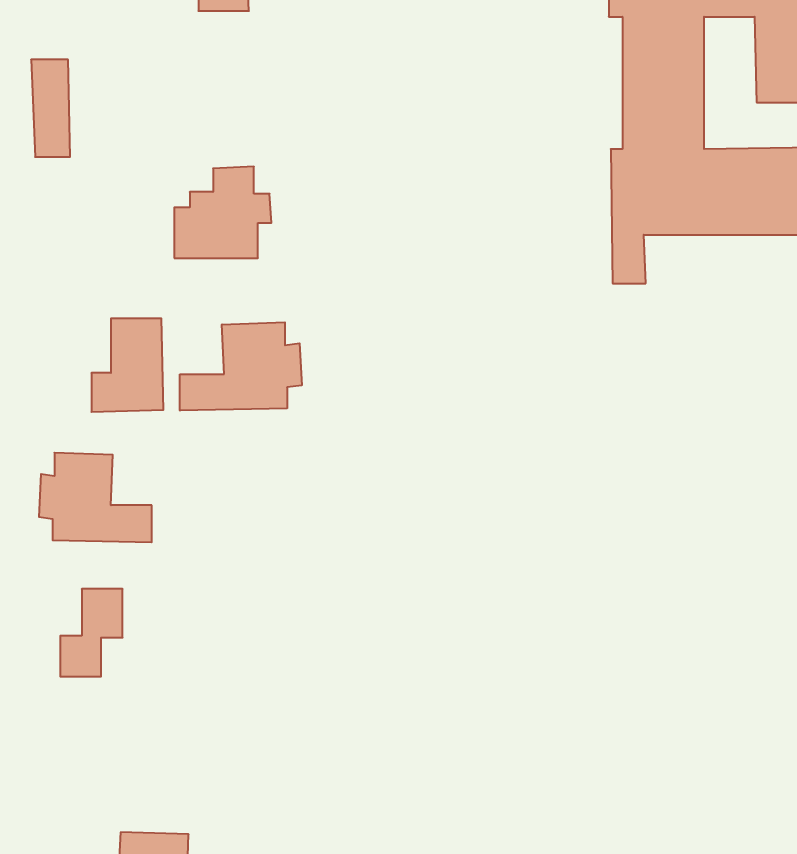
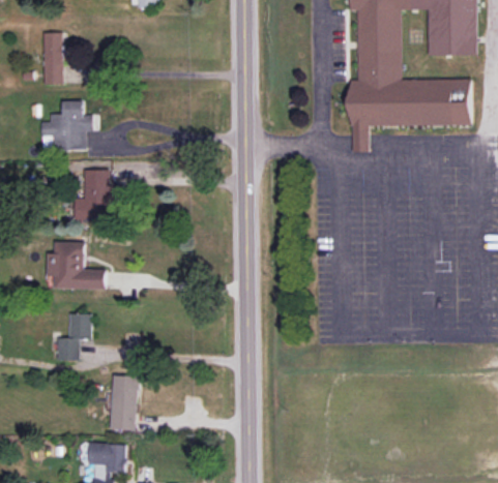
building: [174,167,271,258] -> [40,100,92,149]
building: [180,322,302,411] -> none
building: none -> [110,375,138,430]

